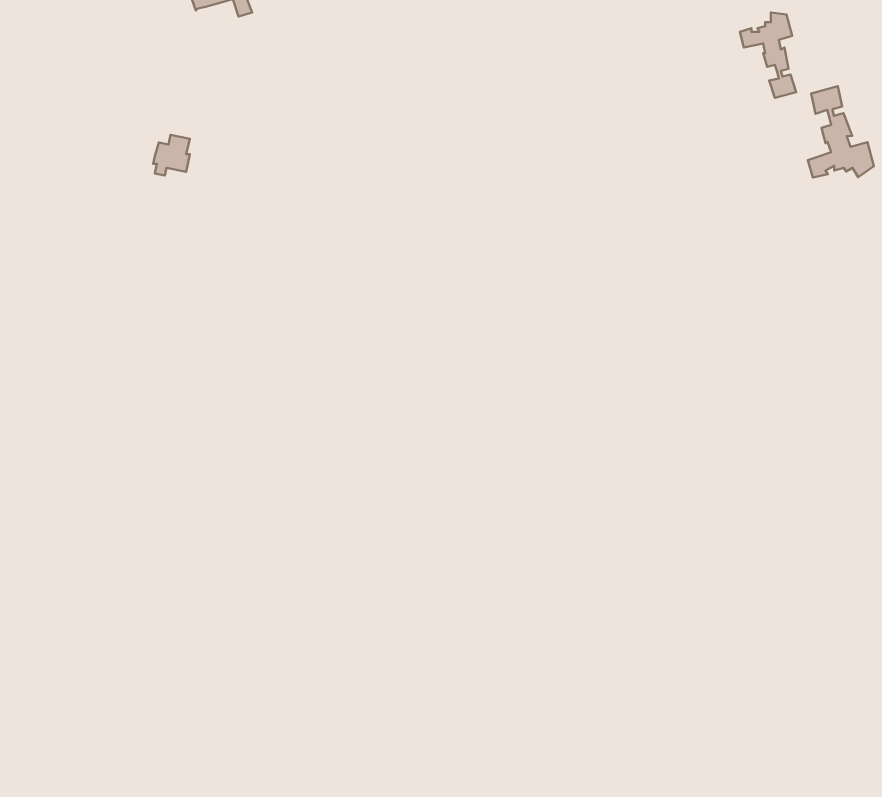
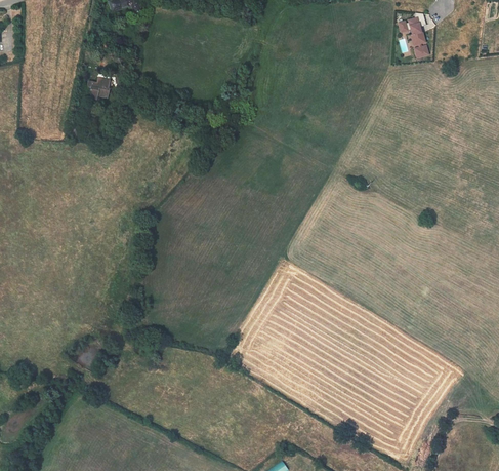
building: [808,86,874,177] -> none

